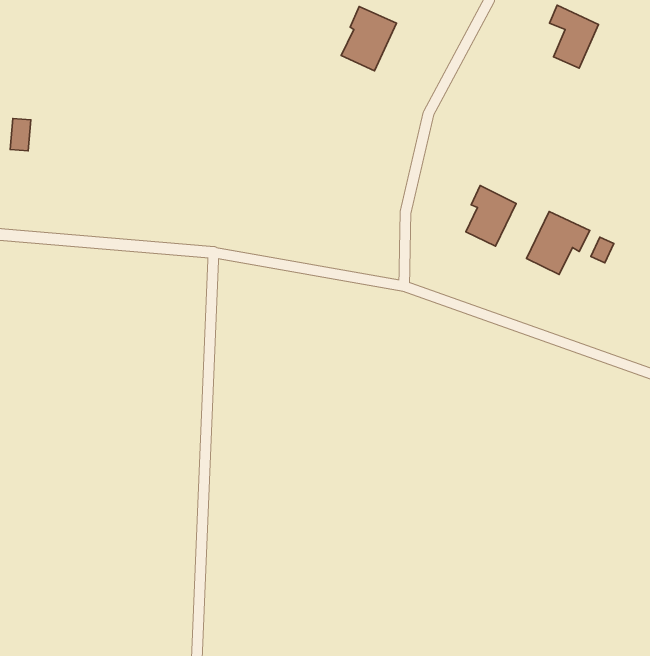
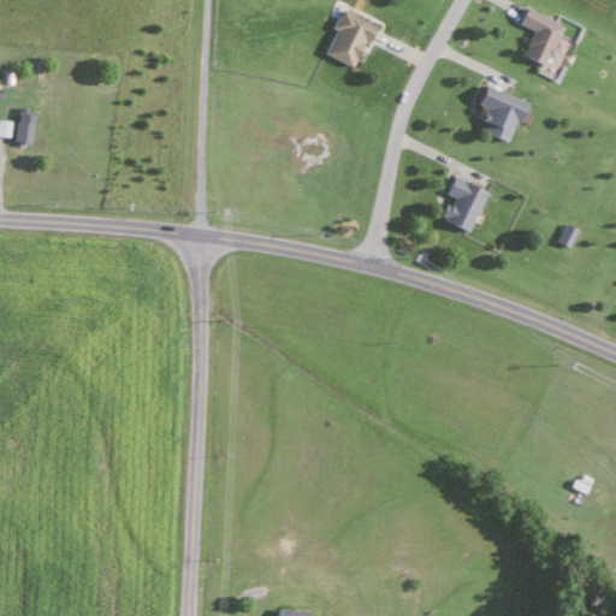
building: none -> [479,84,529,142]
building: [526,211,590,274] -> none

